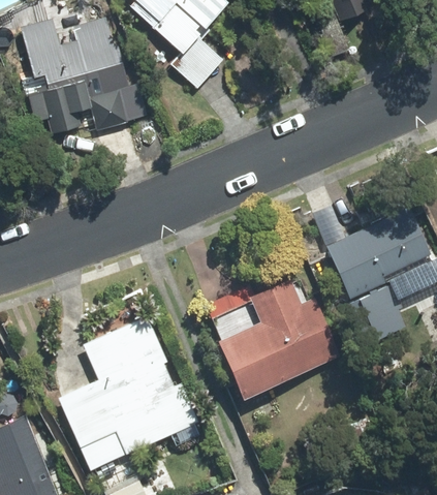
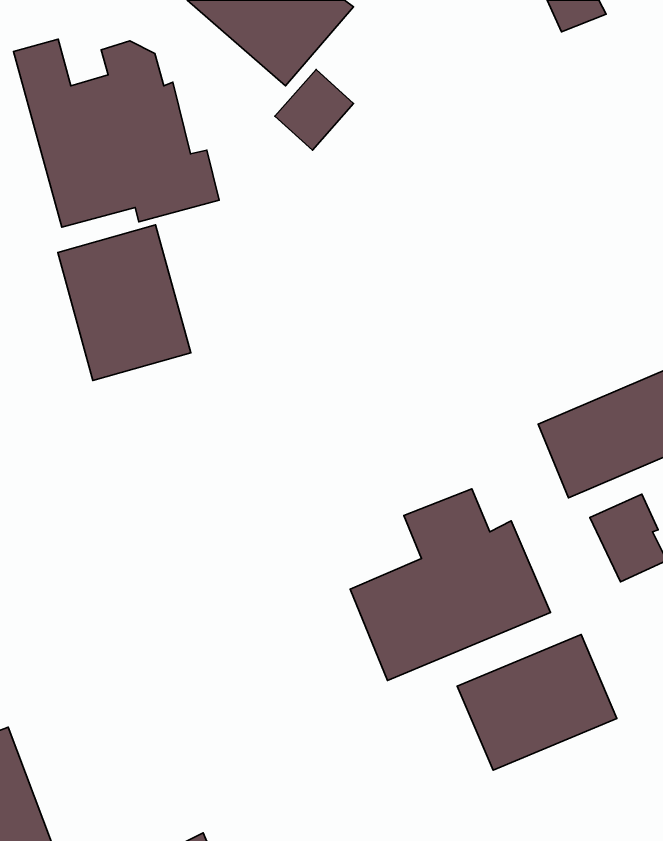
building: none -> [58,225,191,381]
building: [62,322,189,466] -> none
building: none -> [457,635,617,770]

